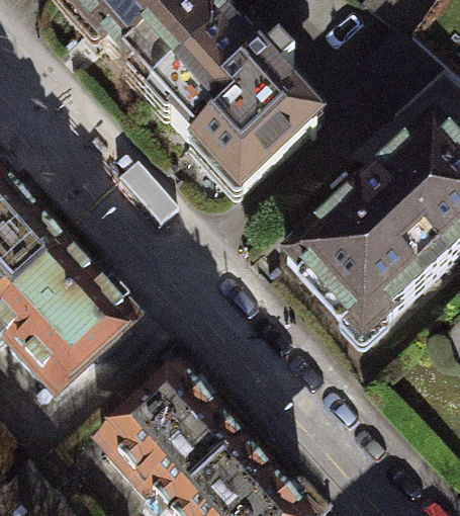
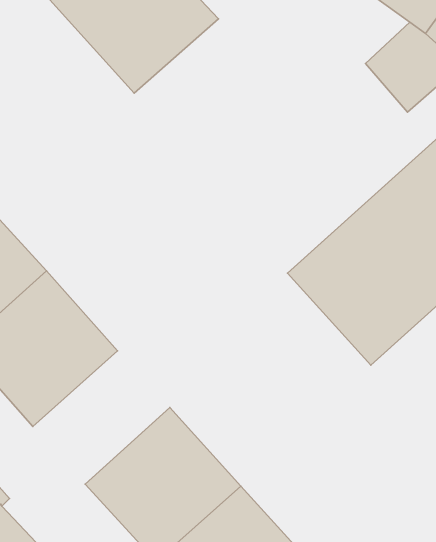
building: [150,18,325,188] -> none

